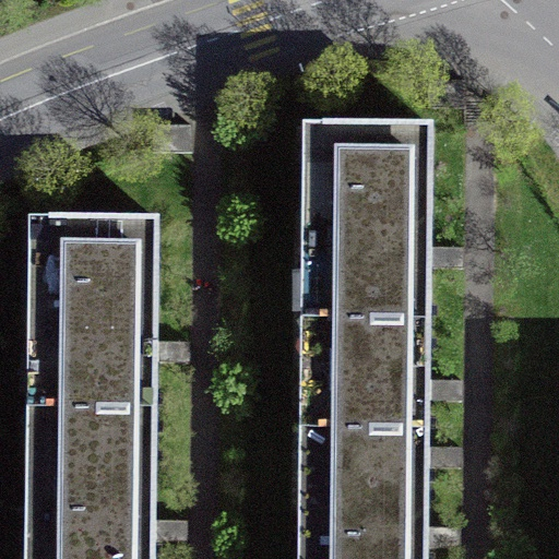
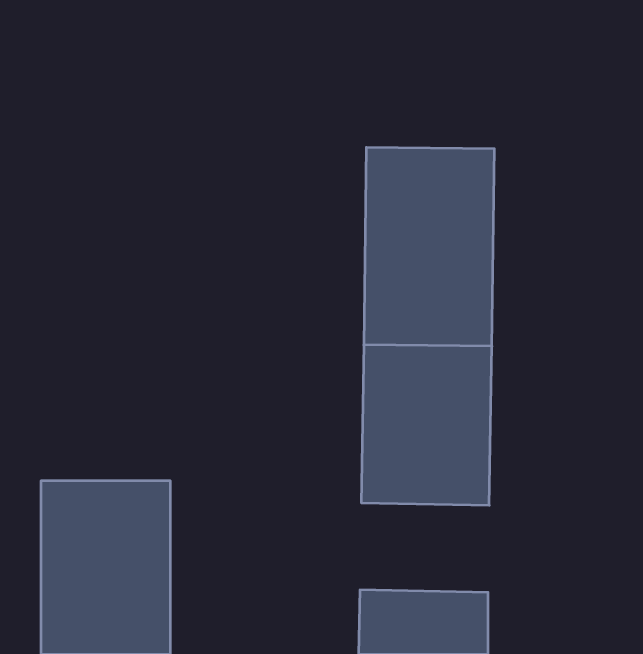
building: [35,221,146,409] -> none
building: [307,428,417,504] -> none

